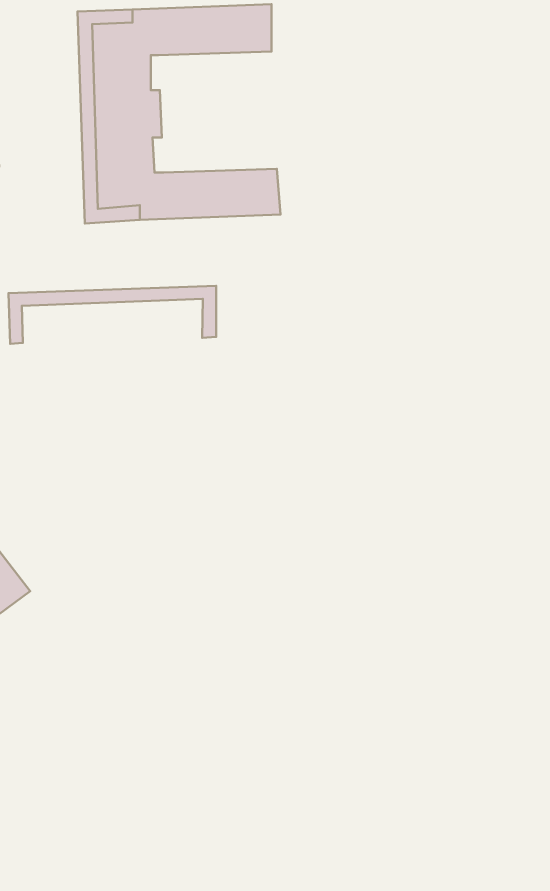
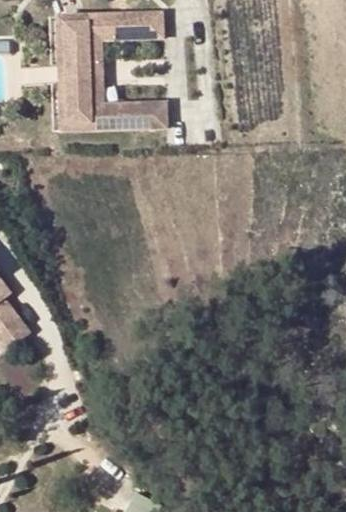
building: [8,286,216,344] -> none

